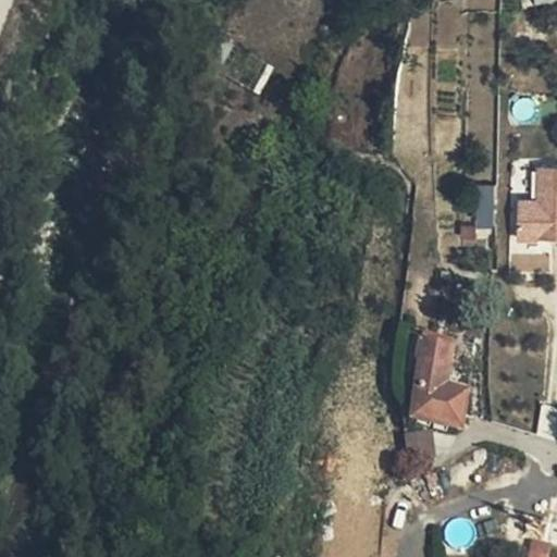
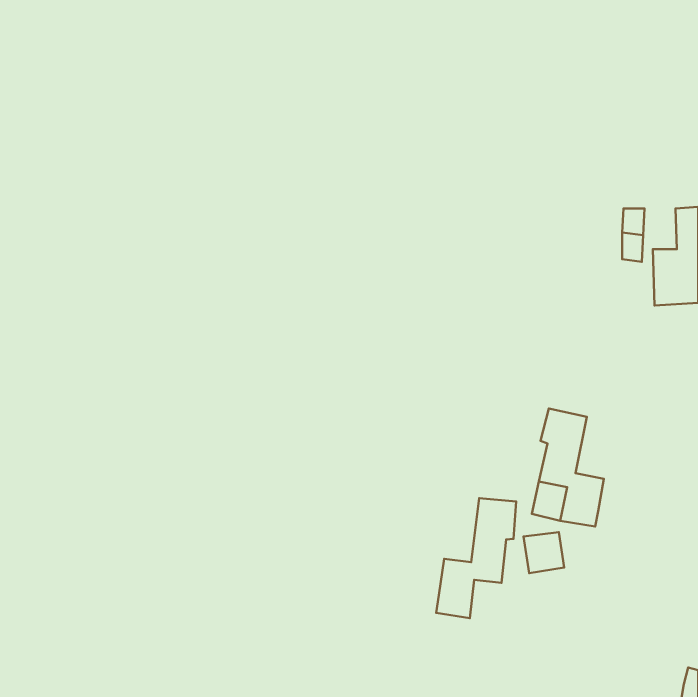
building: none -> [436,498,516,618]

